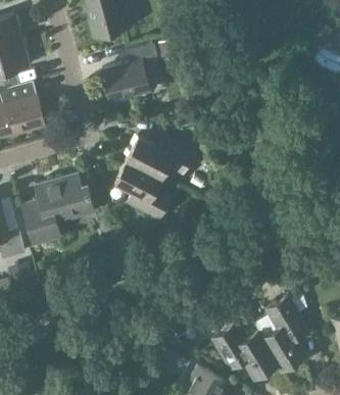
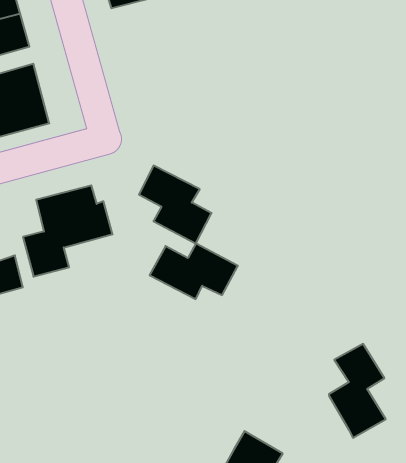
building: [102,45,157,104] -> none
building: [127,136,195,179] -> [150,244,238,299]
building: [211,326,278,379] -> none

